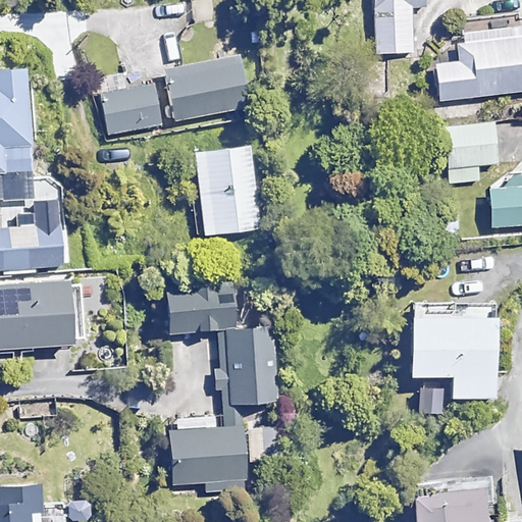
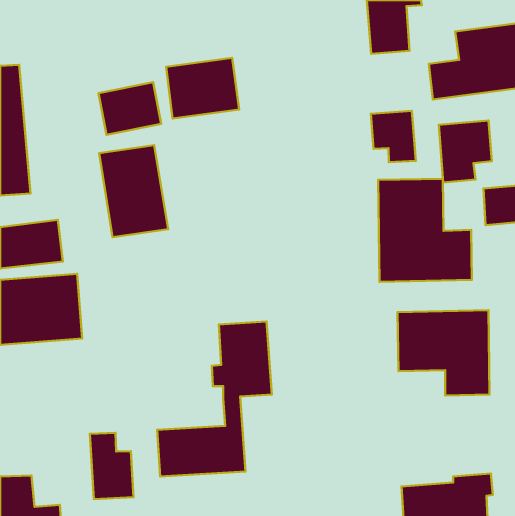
building: none -> [371,111,416,162]
building: [195,145,264,238] -> [99,145,168,237]
building: none -> [378,179,472,282]
building: [157,284,231,330] -> none
building: none -> [90,433,133,499]

